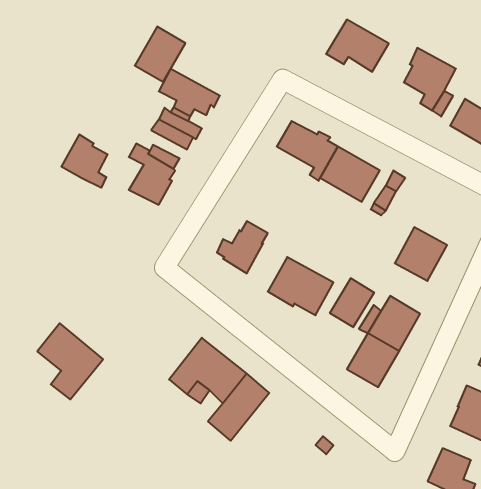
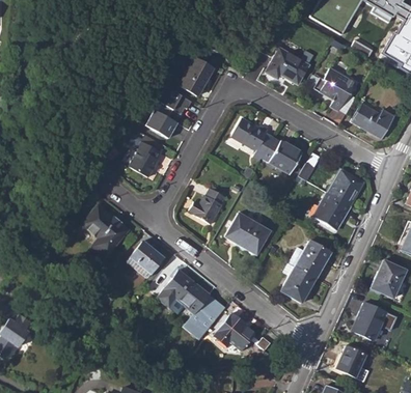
building: [135,27,185,82] -> [179,58,214,96]
building: [61,134,108,188] -> none
building: none -> [327,169,363,204]
building: [330,278,374,327] -> none
building: none -> [128,241,164,277]
building: [37,323,103,399] -> [83,204,129,257]
building: none -> [214,312,256,352]

